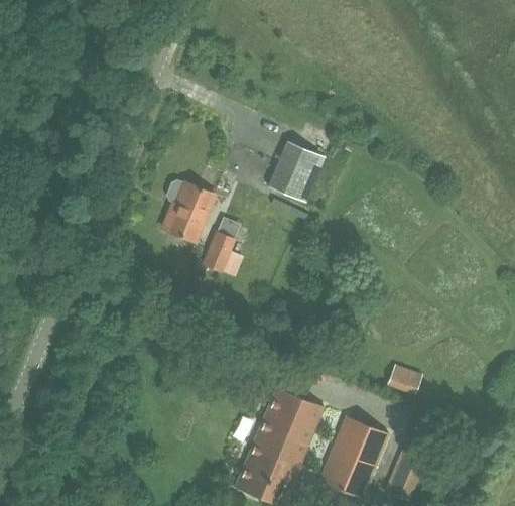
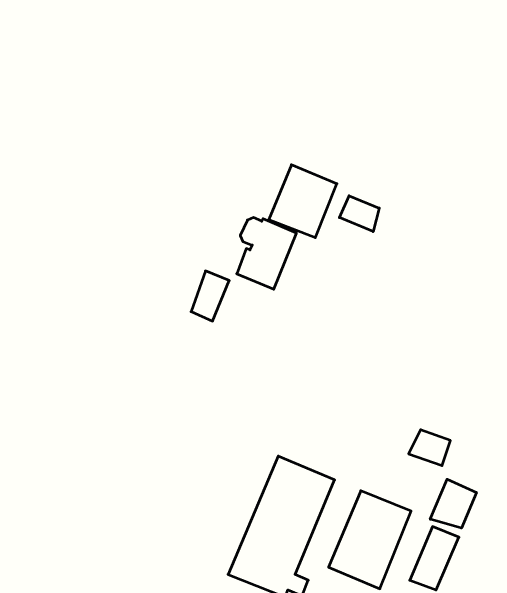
building: none -> [339,196,379,232]
building: [163,180,214,241] -> [237,218,296,289]
building: none -> [430,479,476,528]

